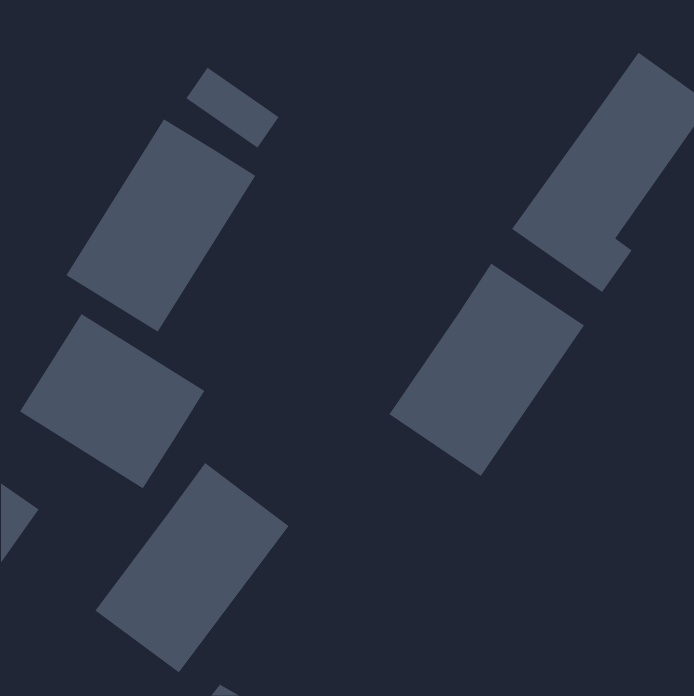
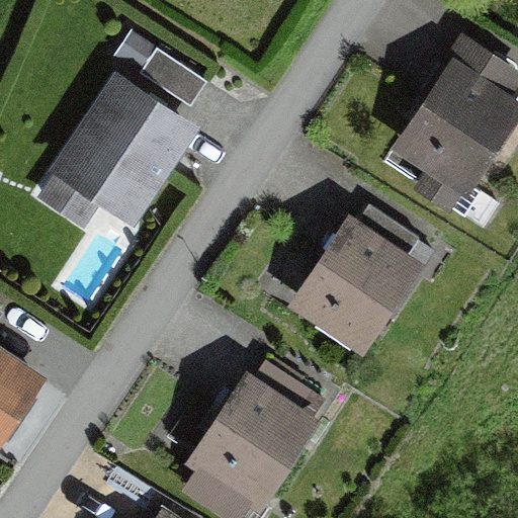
building: [19,313,205,489] -> none
building: [95,462,289,673] -> [180,356,325,513]

